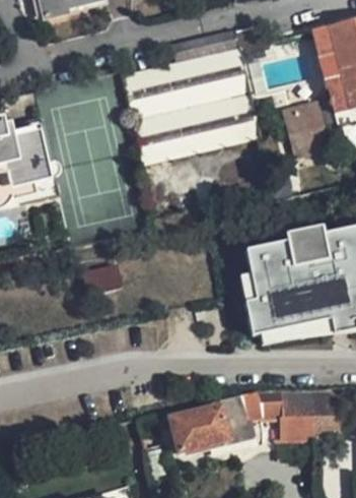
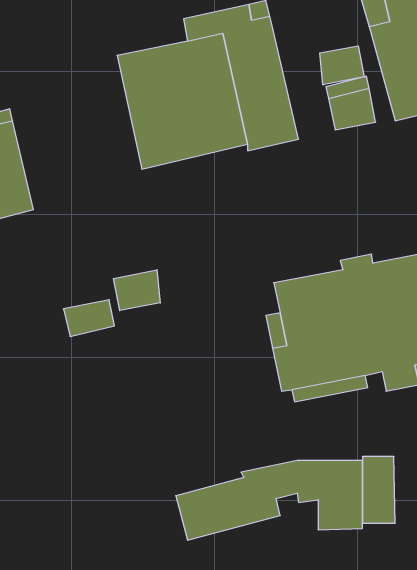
building: none -> [320,46,364,85]
building: none -> [113,270,160,311]

